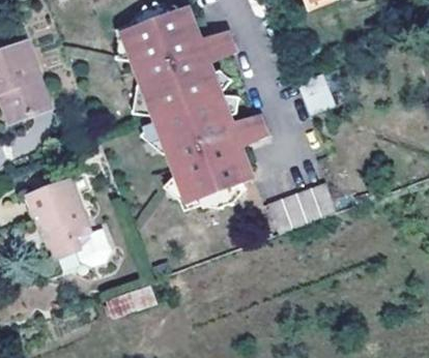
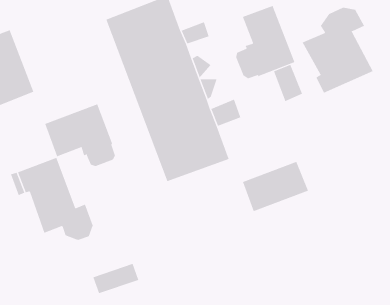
building: none -> [236,5,295,79]
building: none -> [302,7,374,94]
building: none -> [45,104,116,167]

